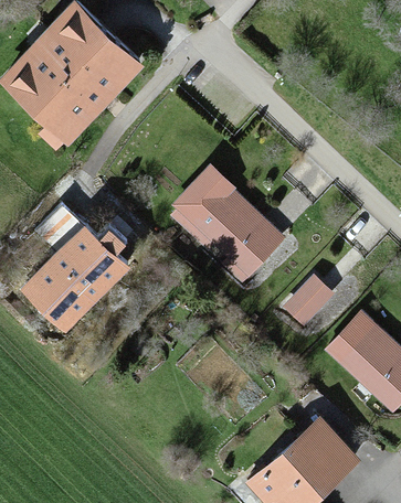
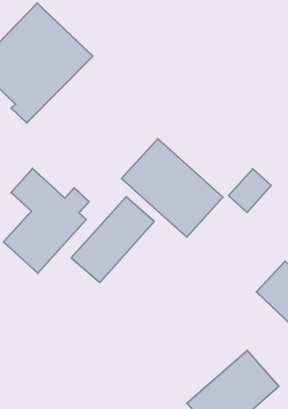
building: none -> [71,197,154,282]
building: [286,275,337,327] -> [229,169,271,212]

